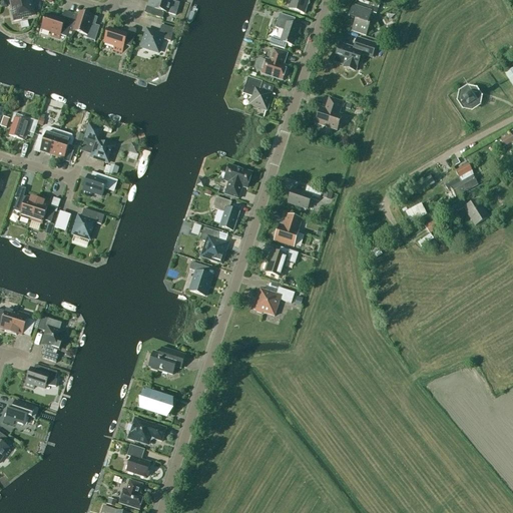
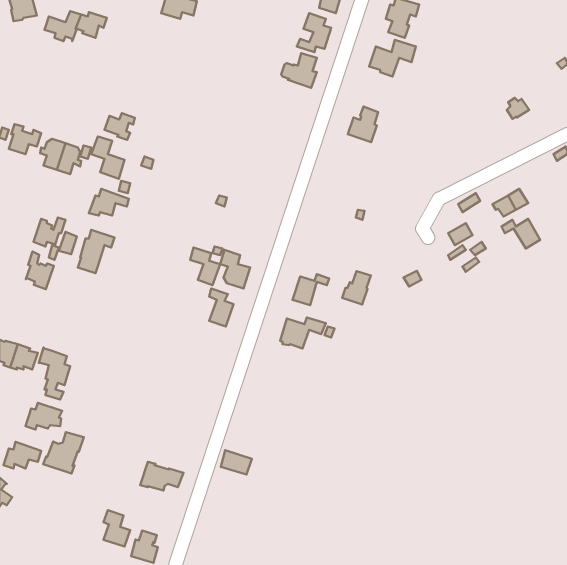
building: [140,23,173,51] -> none
building: [102,27,135,51] -> none
building: [241,76,271,108] -> none
building: none -> [104,113,135,140]
building: [222,163,250,197] -> none
building: [12,184,37,218] -> [26,251,54,289]
building: [287,184,321,207] -> none
building: [211,195,238,229] -> [190,248,220,285]
building: [274,214,300,244] -> [342,271,371,304]
building: [147,346,184,373] -> none
building: none -> [43,432,84,473]
building: [143,392,171,414] -> [221,450,252,474]
building: [125,443,149,476] -> [103,510,130,547]

